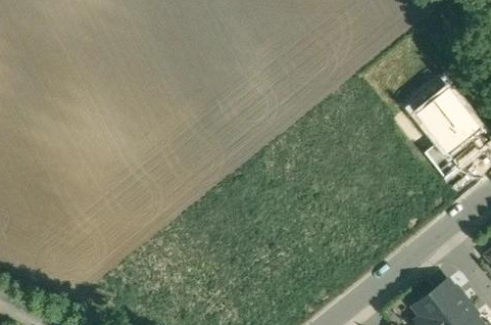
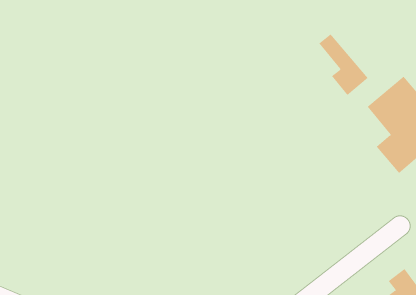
building: none -> [318,34,368,96]

